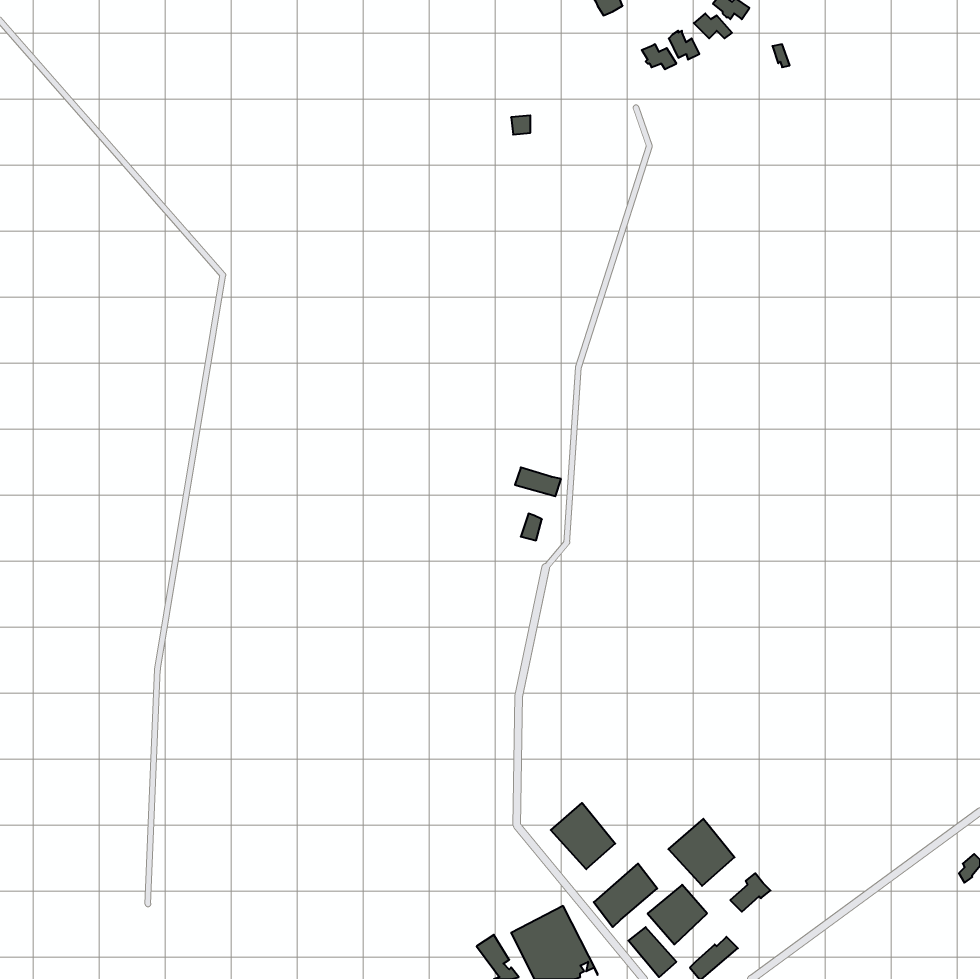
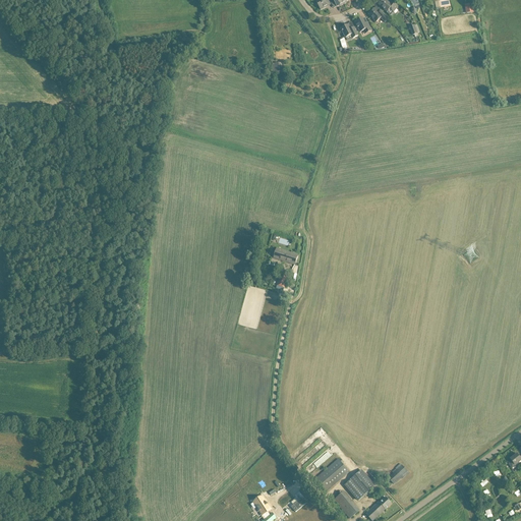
building: [551,803,615,869] -> none
building: [668,819,735,886] -> none

